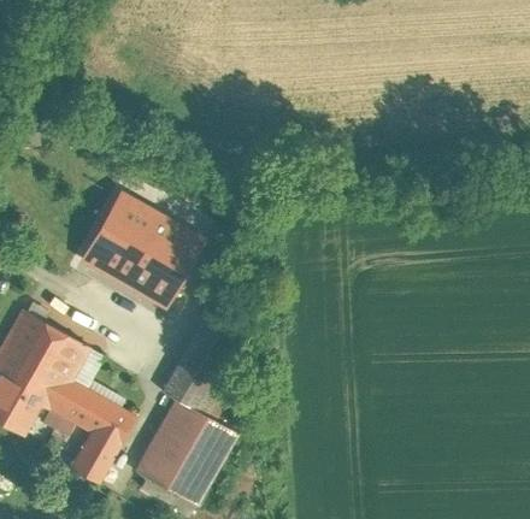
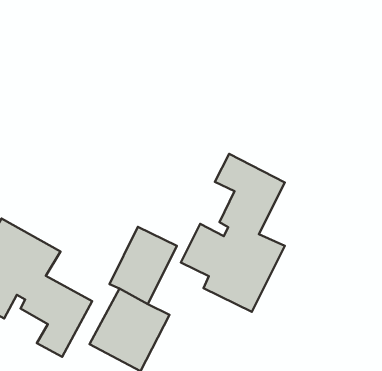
building: [81,188,210,309] -> none
building: none -> [181,154,285,312]

